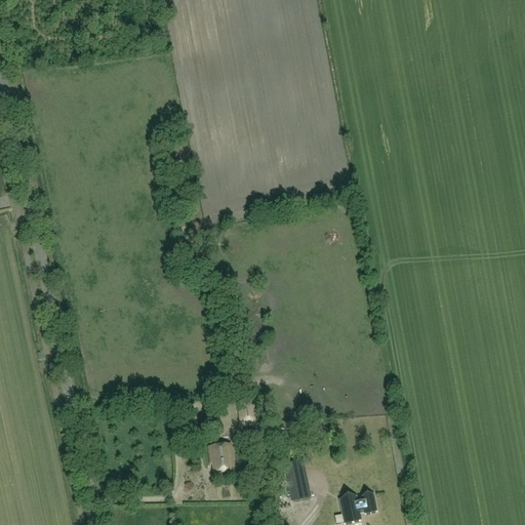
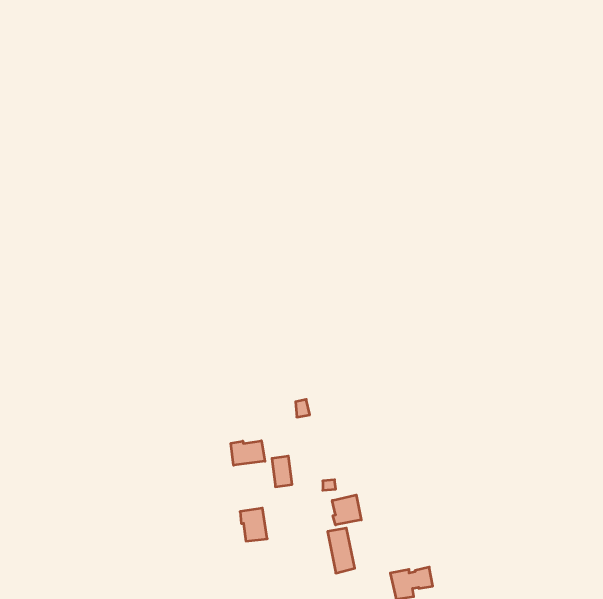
building: none -> [231,441,265,465]
building: none -> [332,495,361,525]

